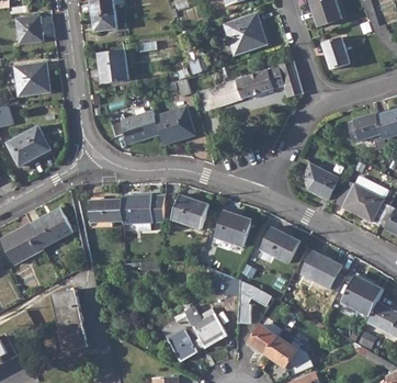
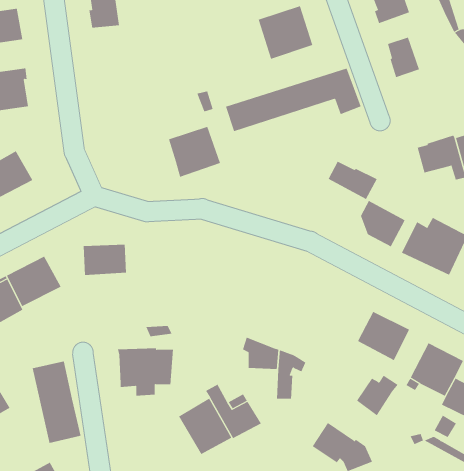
building: [98,50,128,81] -> none
building: [111,111,160,144] -> none
building: none -> [328,161,377,200]
building: [121,192,165,229] -> [117,348,174,396]
building: [171,193,207,228] -> none
building: [214,209,251,246] -> none
building: [261,226,299,262] -> none
building: [249,322,282,353] -> [356,375,399,416]

